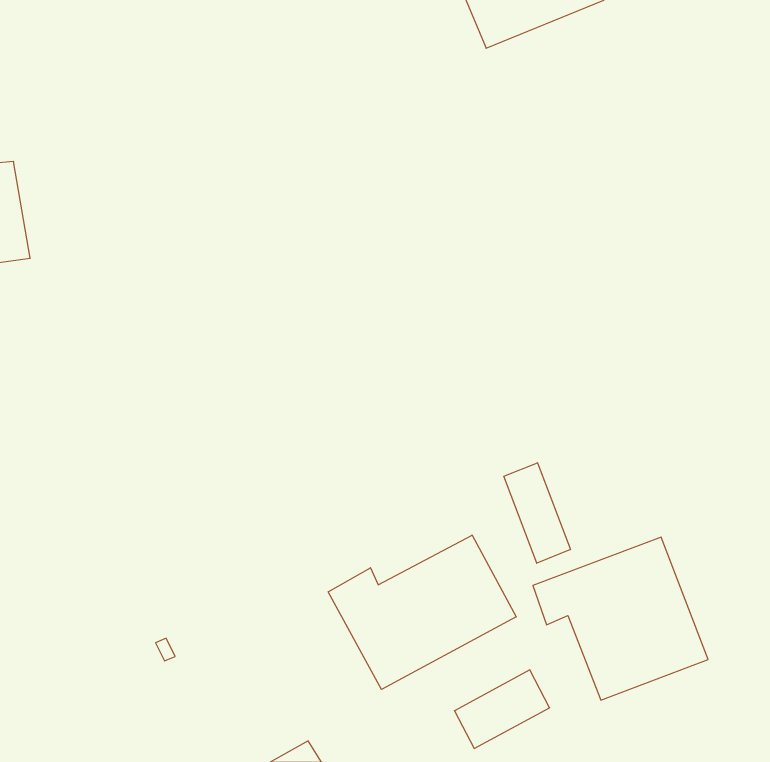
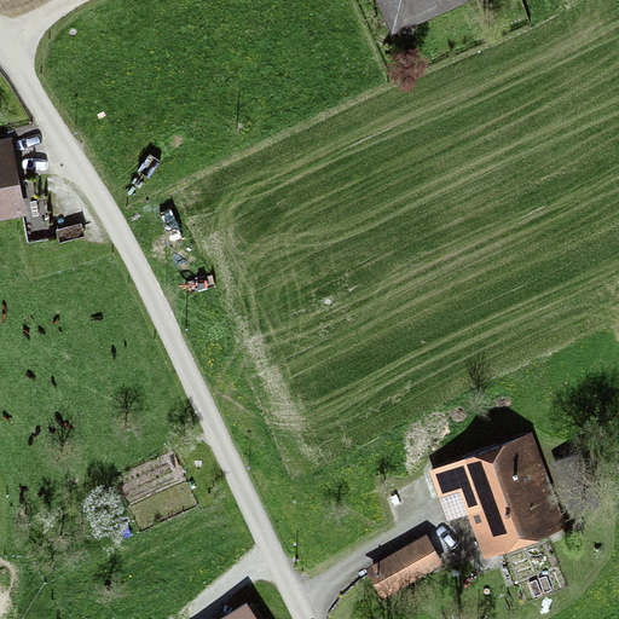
building: [504,463,570,563] -> none
building: [328,535,516,689] -> none

